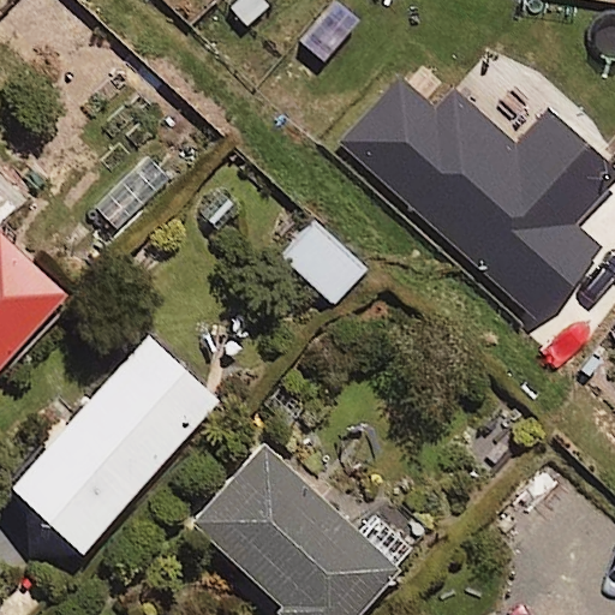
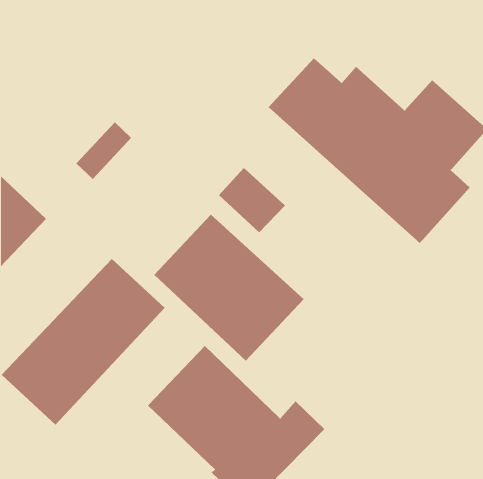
building: none -> [153,214,305,361]

